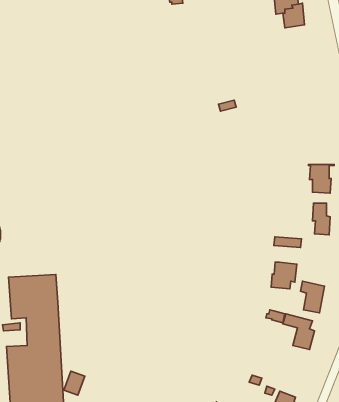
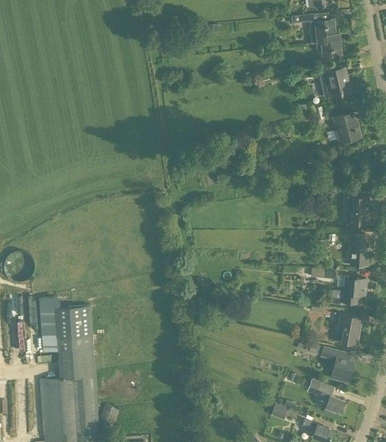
building: none -> [324,67,350,94]
building: none -> [334,112,360,140]
building: [271,262,297,289] -> [339,276,365,303]
building: none -> [306,378,343,415]

